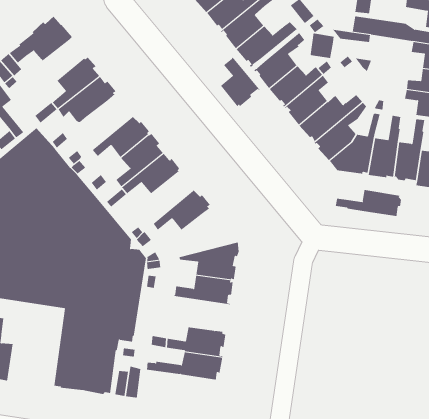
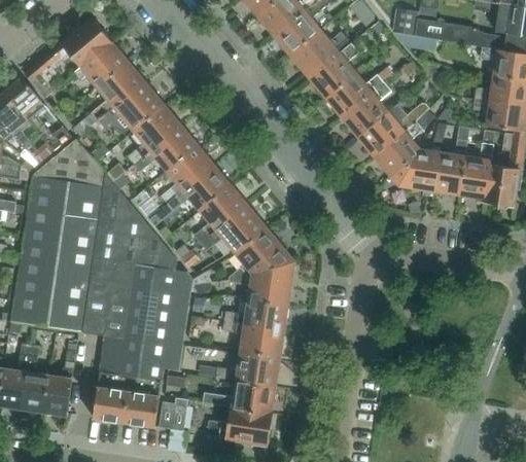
building: [310,33,335,58] -> [393,9,420,37]
building: none -> [74,45,129,90]
building: [220,57,261,107] -> none
building: none -> [128,107,182,165]
building: none -> [194,186,248,244]
building: [335,189,402,217] -> none
building: none -> [227,229,293,280]
building: none -> [222,322,285,356]
building: none -> [44,350,76,416]
building: none -> [207,406,273,445]

